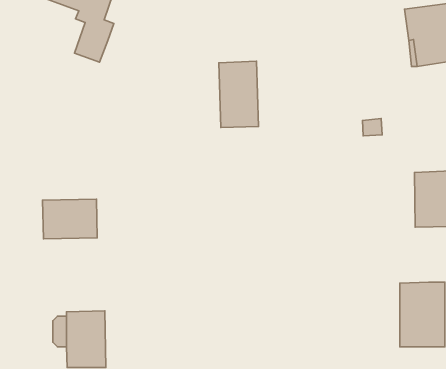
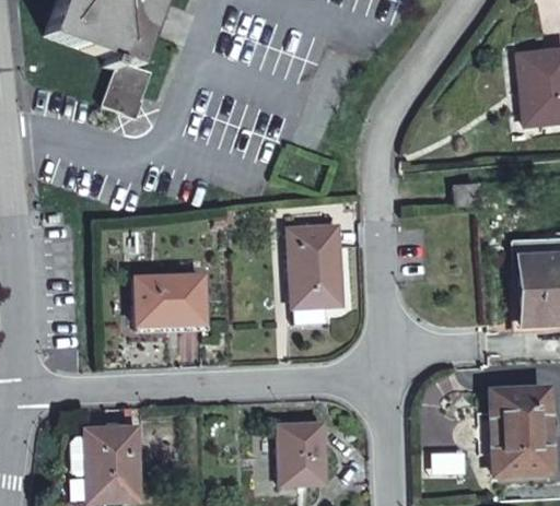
building: [219,61,258,128] -> [291,220,339,301]
building: [43,199,97,239] -> [141,269,208,317]
building: none -> [279,423,326,485]

